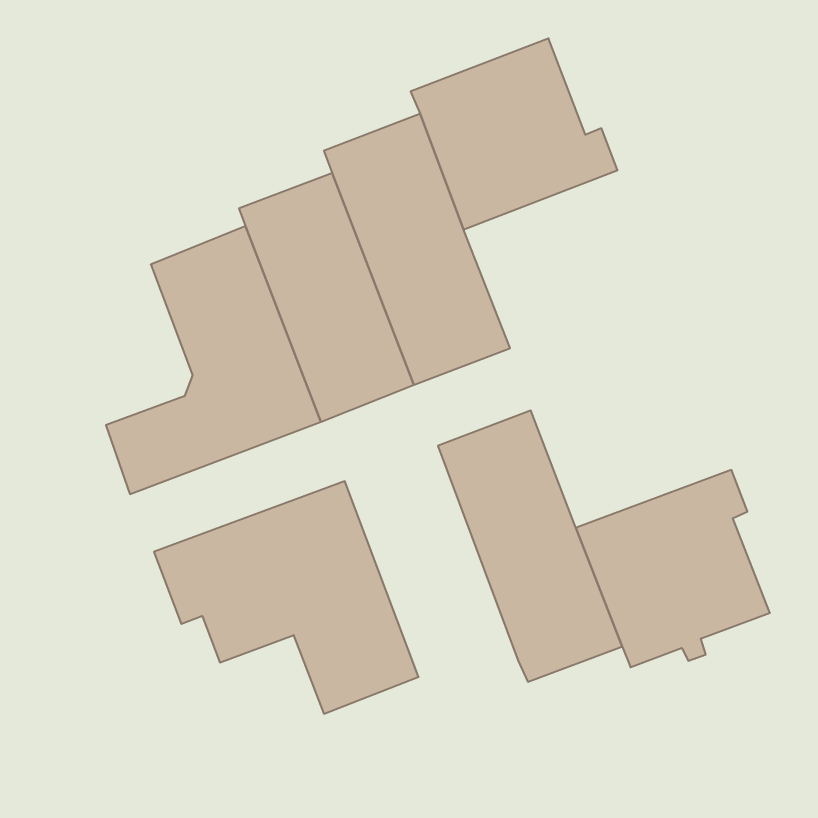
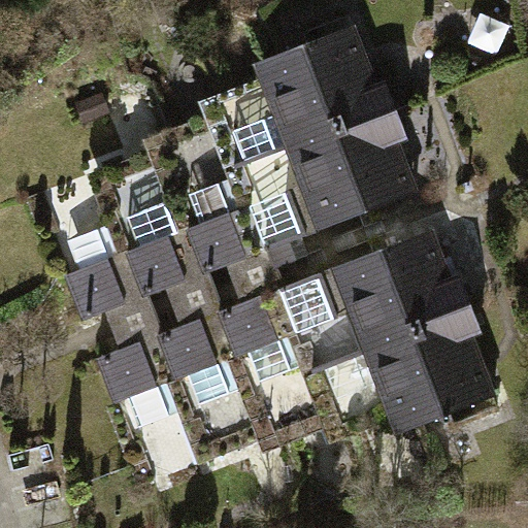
building: none -> [299,109,418,224]
building: none -> [342,230,471,339]
building: none -> [223,287,334,447]

